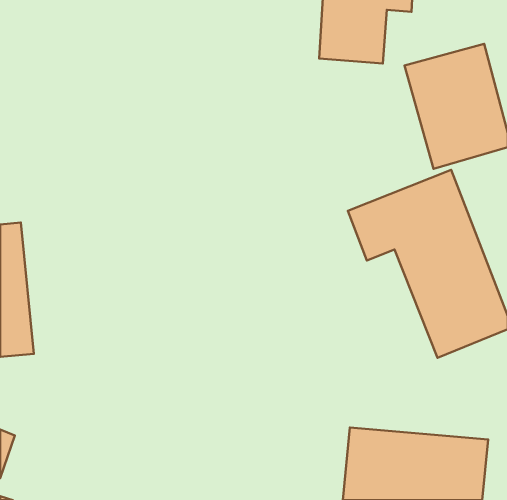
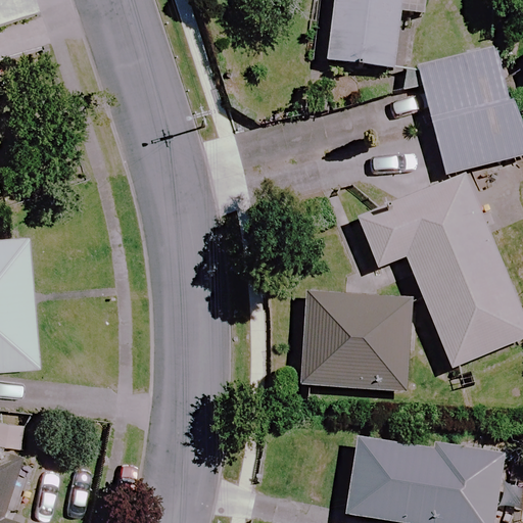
building: none -> [301,295,412,386]

